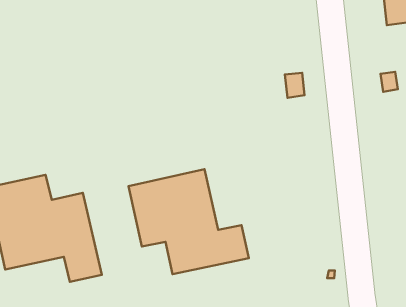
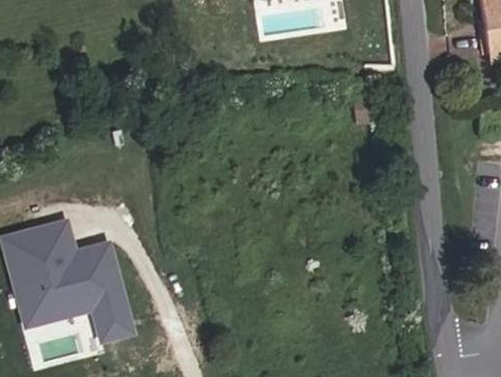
building: [128,169,249,274] -> none

